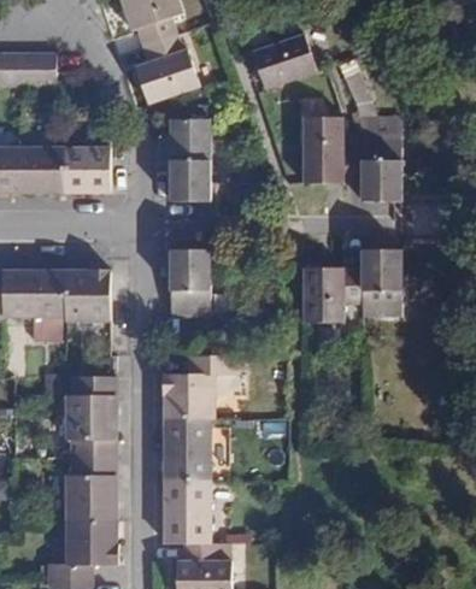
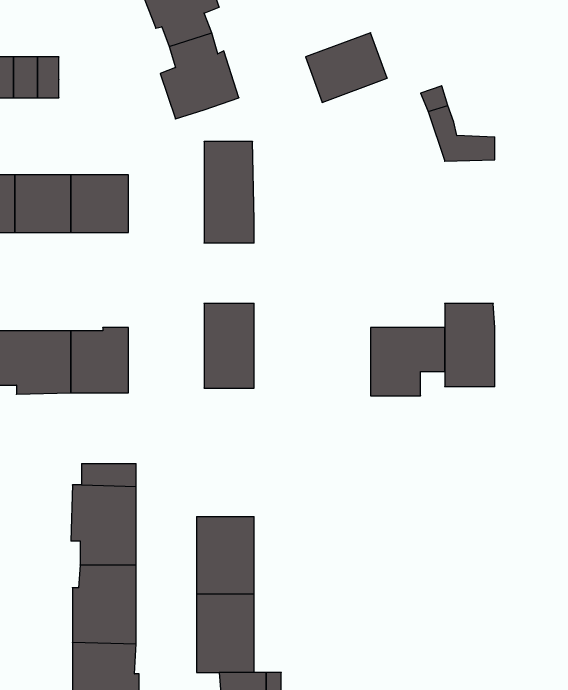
building: [304,117,342,183] -> none
building: [362,135,401,201] -> none
building: [161,355,233,419] -> none

